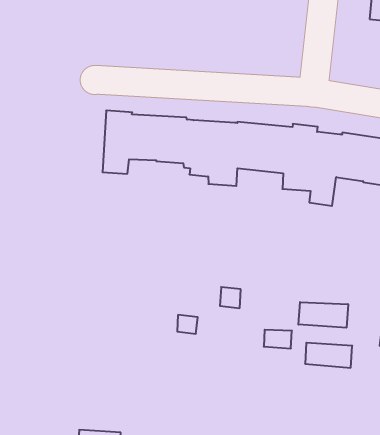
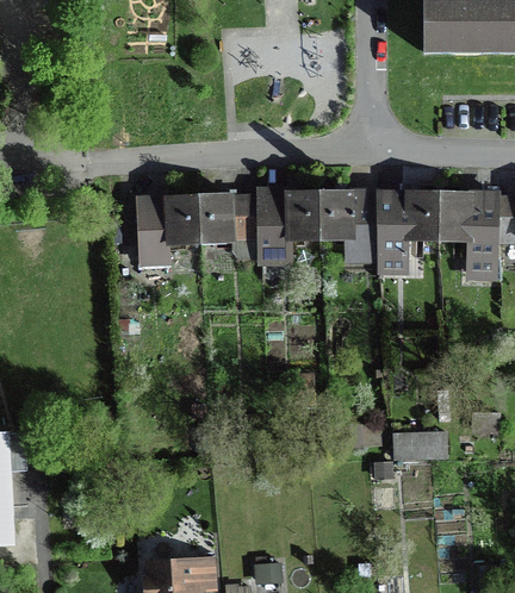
building: [298,302,348,328] -> none

